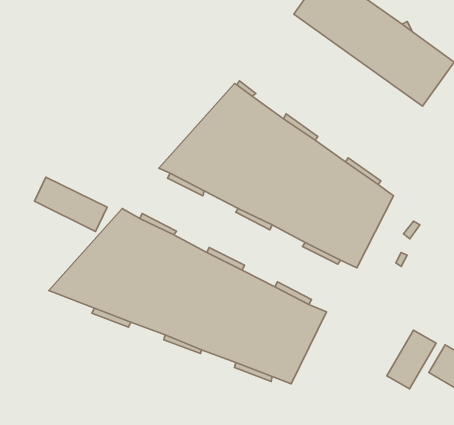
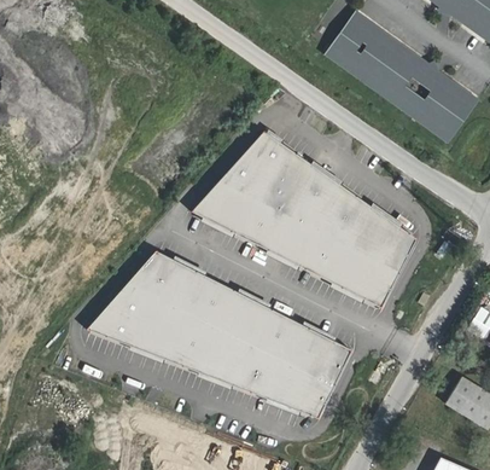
building: [34,177,107,231] -> none
building: [387,330,436,389] -> none

